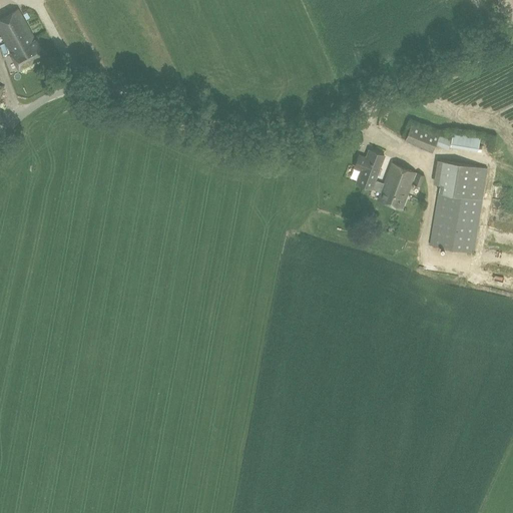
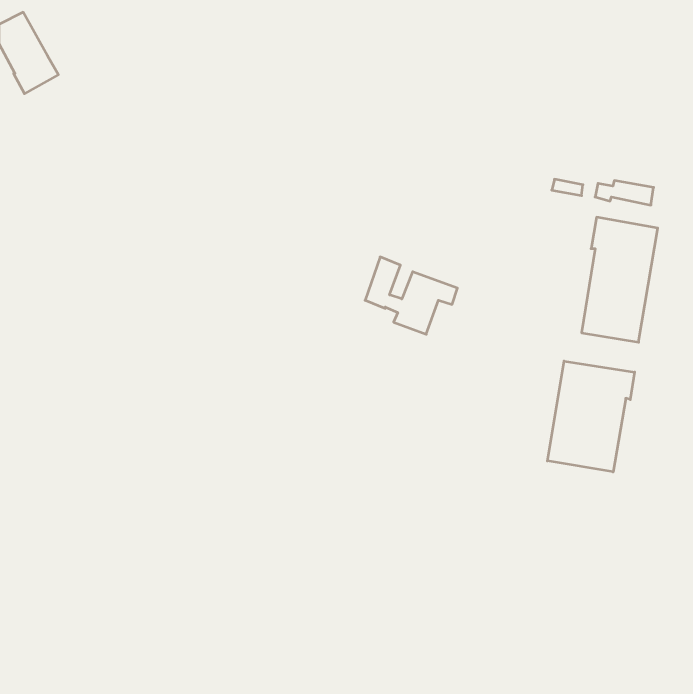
building: [356,151,424,208] -> [365,257,457,334]
building: none -> [547,361,635,472]

